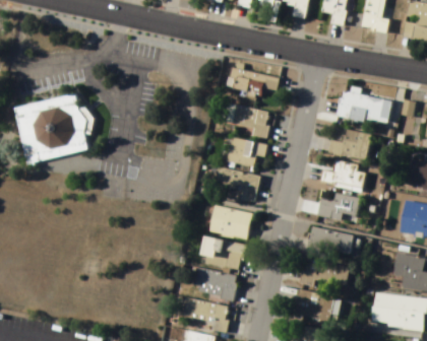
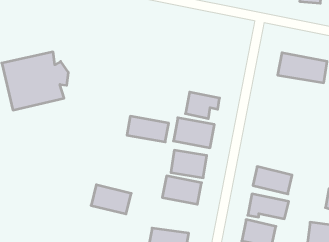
building: [227,67,280,95] -> none
building: [222,104,271,134] -> [127,116,169,142]
building: [329,128,371,159] -> none
building: [321,159,366,193] -> none
building: [317,190,360,222] -> none
building: [191,266,239,300] -> [91,185,131,214]

